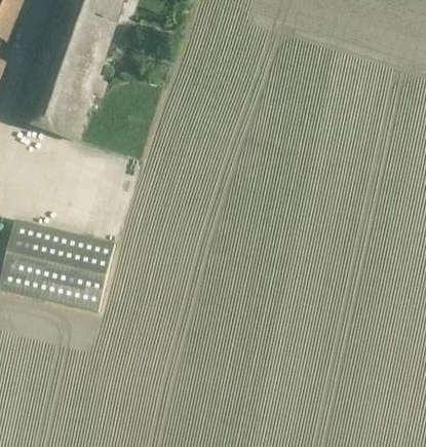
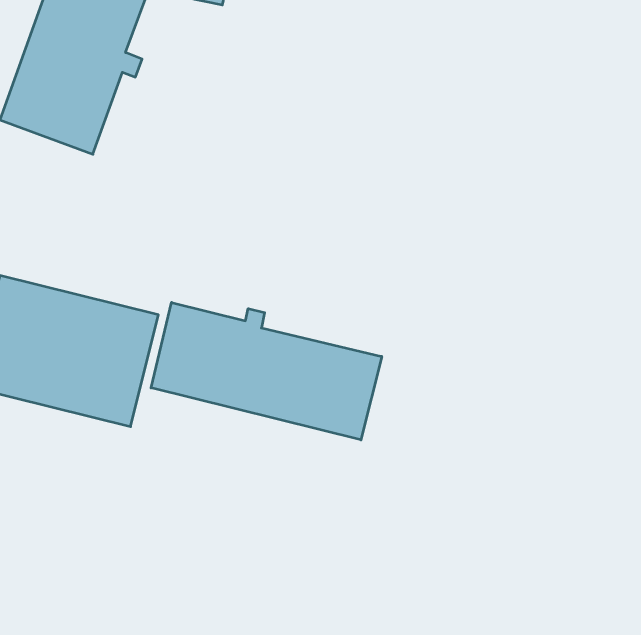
building: none -> [151,302,382,440]

